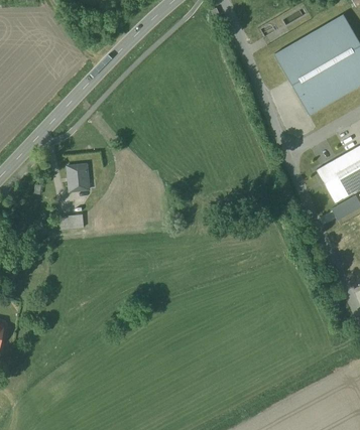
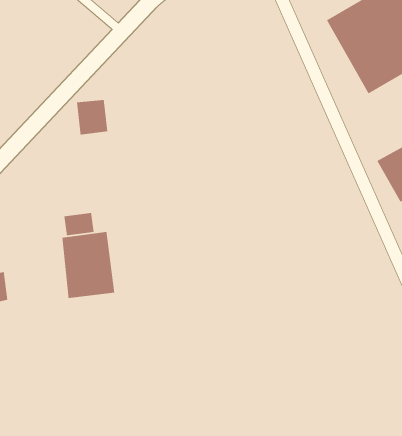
building: [65,162,91,191] -> [76,100,108,135]
building: none -> [62,231,115,299]

